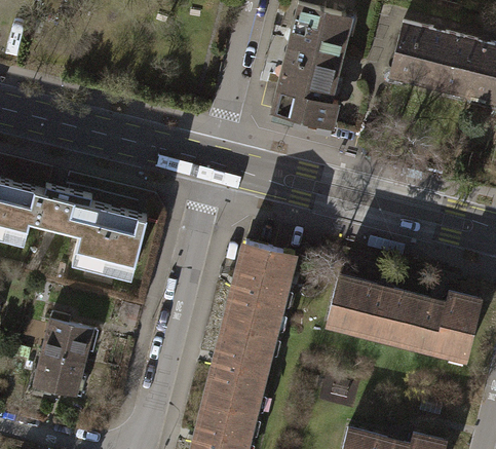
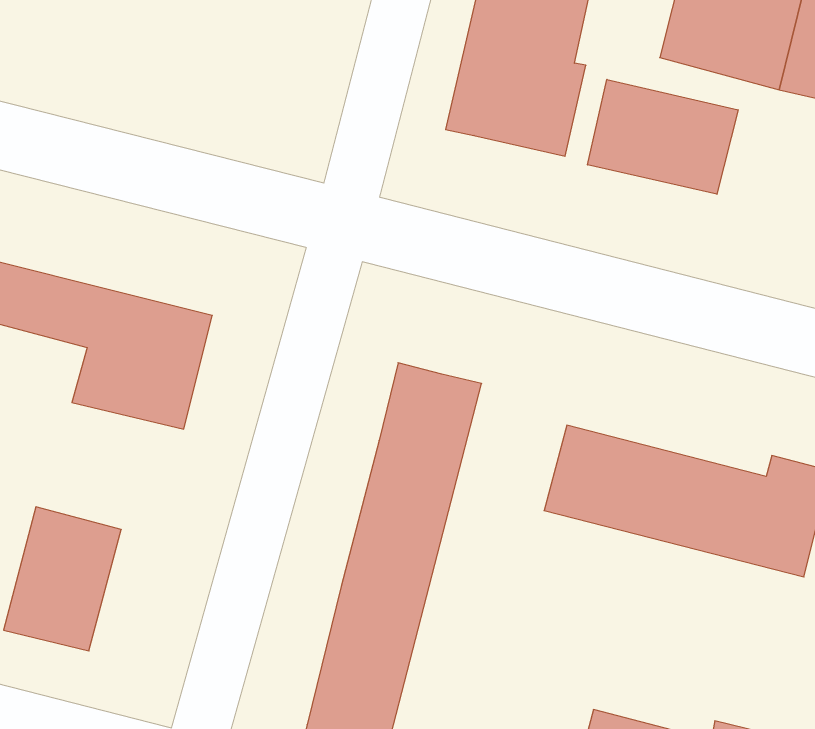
building: none -> [588,79,738,194]

